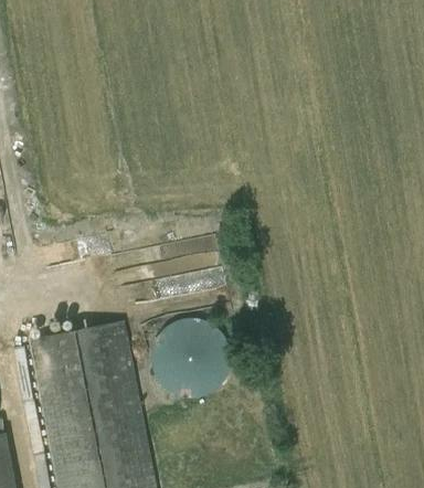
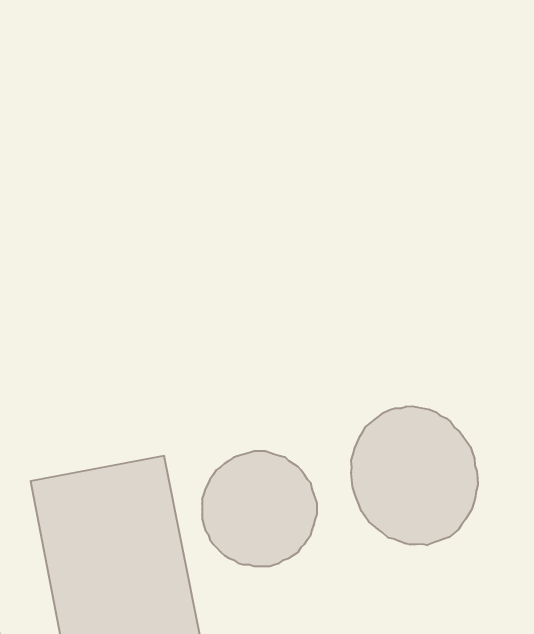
building: none -> [351,406,478,545]

